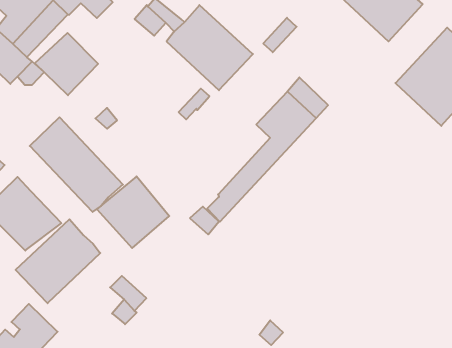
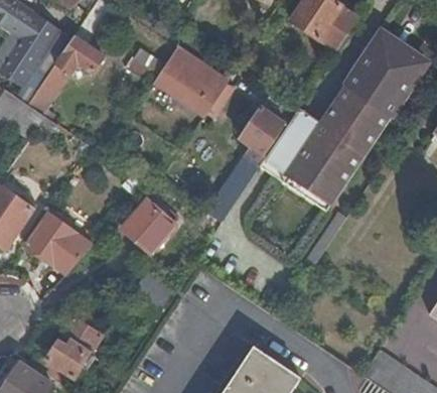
building: [35,33,98,95] -> none
building: none -> [267,85,391,202]
building: [30,117,123,212] -> none
building: [16,219,100,303] -> none

